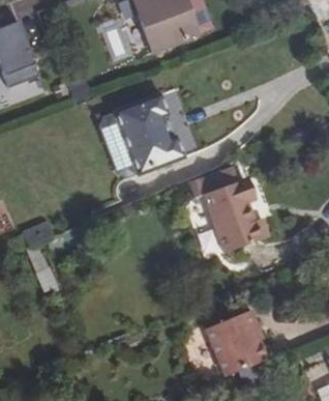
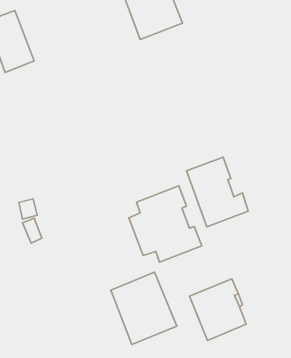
building: [106,93,184,175] -> [129,186,202,262]
building: none -> [111,272,177,344]

